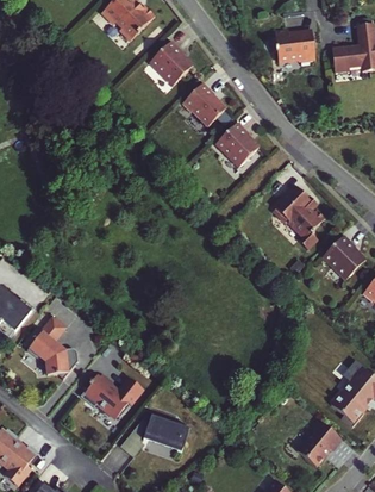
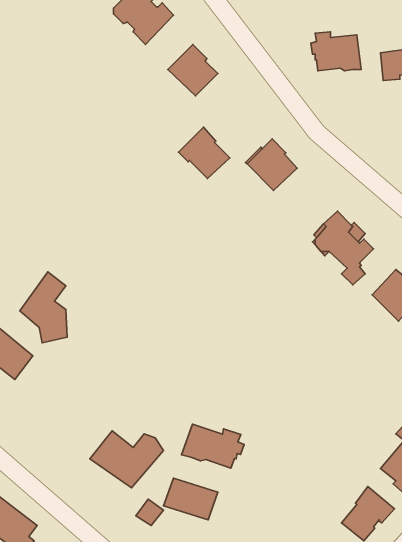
building: [183,82,227,126] -> [178,127,230,179]
building: [30,314,70,375] -> [20,272,67,343]
building: none -> [181,424,244,468]

